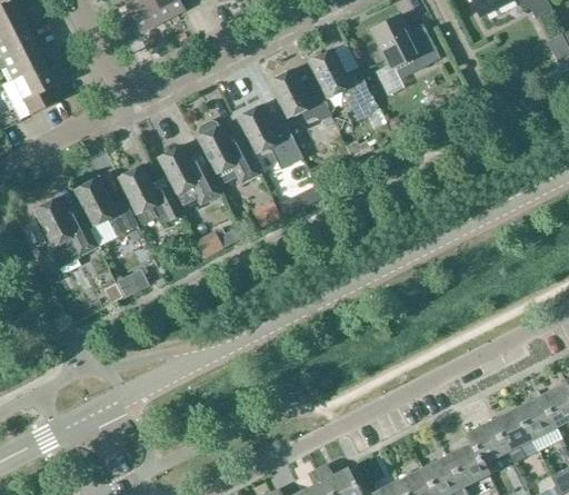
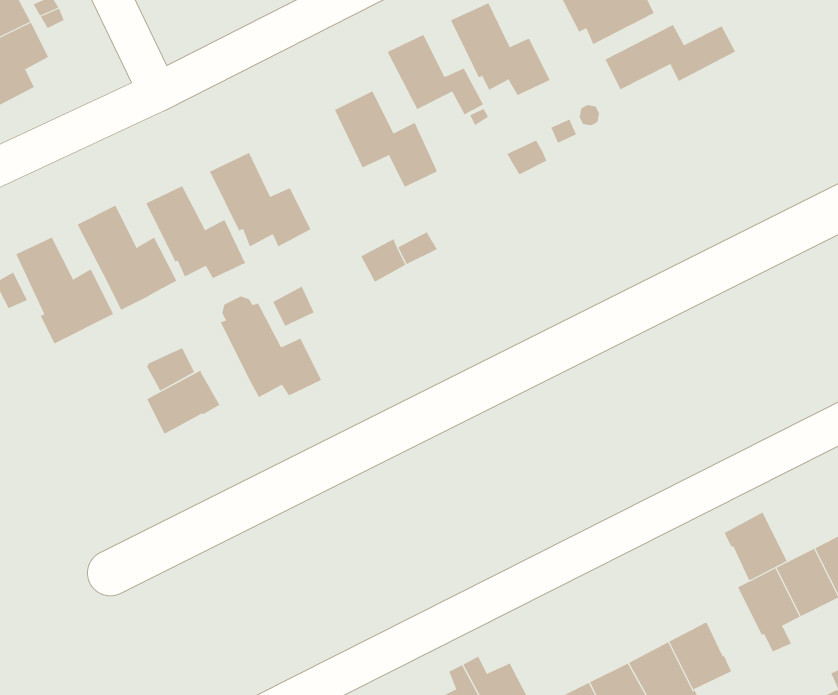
building: none -> [605,24,736,90]
building: [197,121,261,186] -> [220,296,322,398]
building: none -> [146,370,220,434]
building: [466,420,506,464] -> [724,512,787,580]

